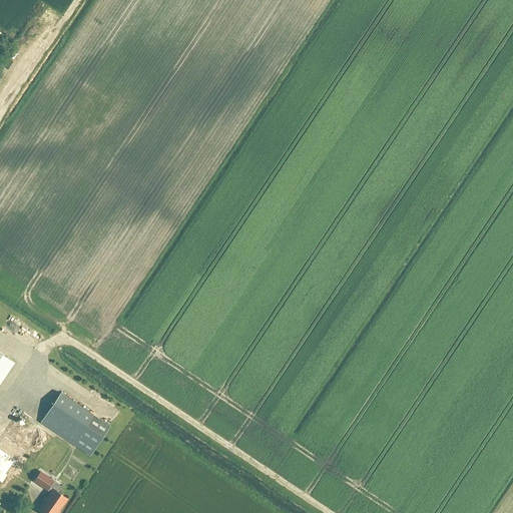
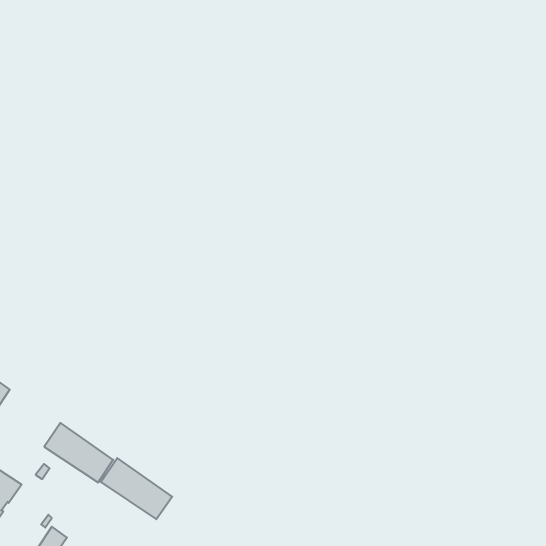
building: none -> [101,458,172,519]

